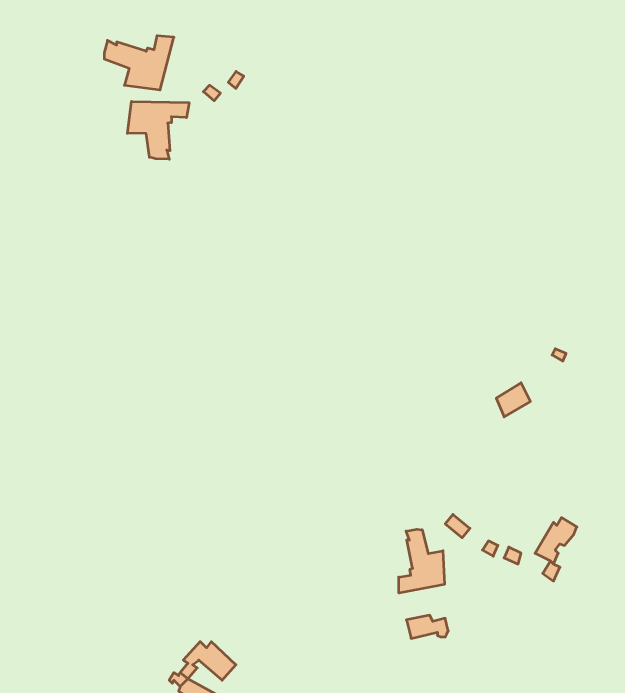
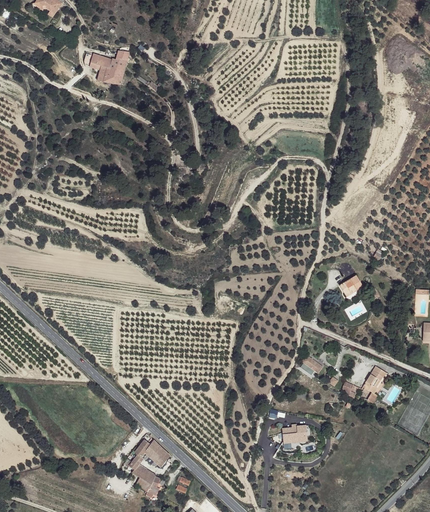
building: [127,101,189,159] -> none
building: [399,529,444,593] -> none

